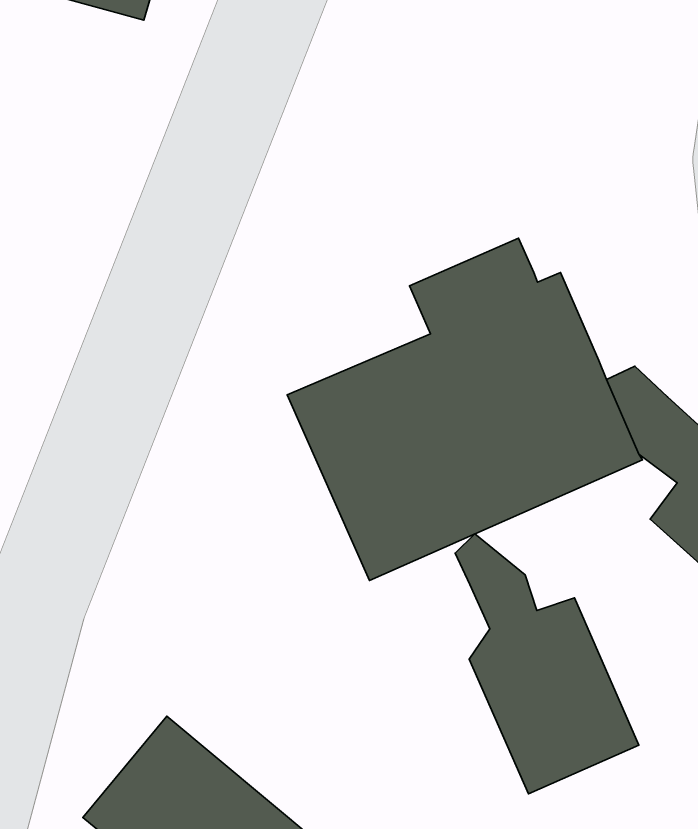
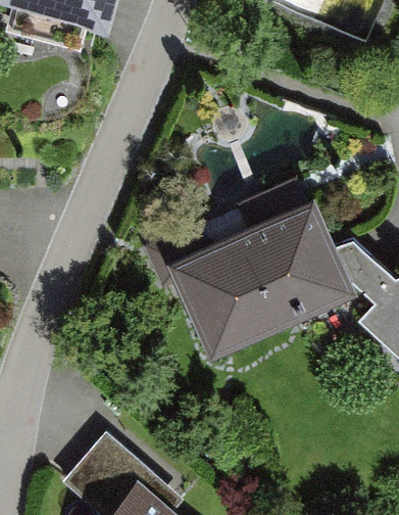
building: [455,534,639,794] -> none

